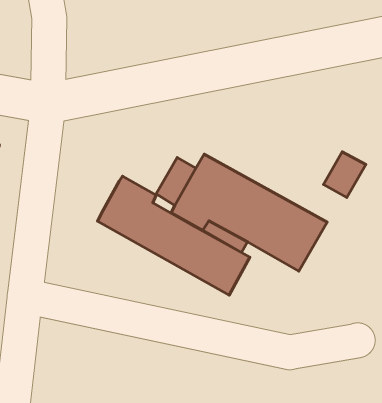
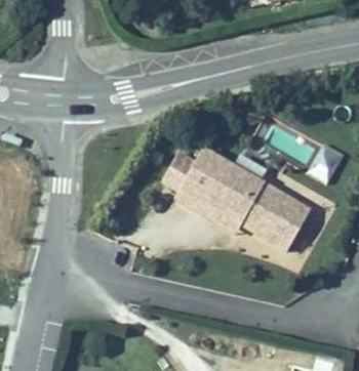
building: [98,176,250,295] -> none

